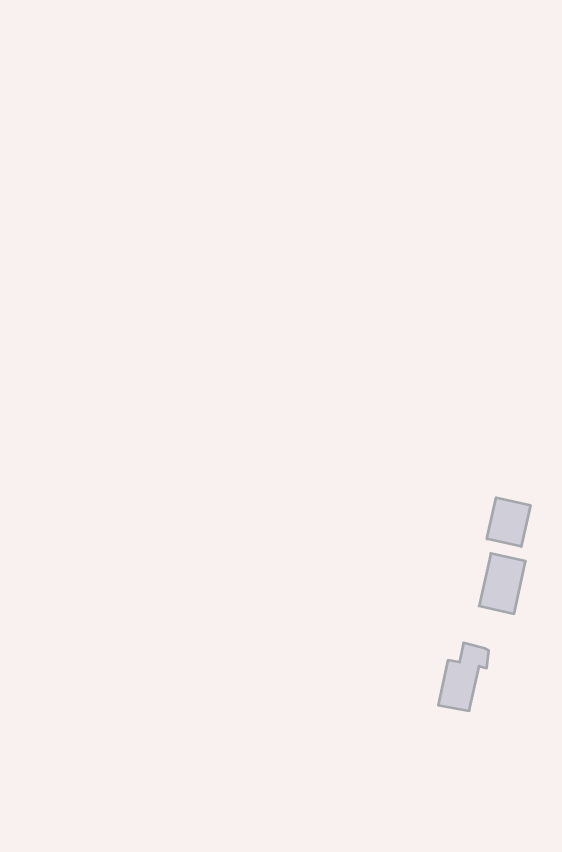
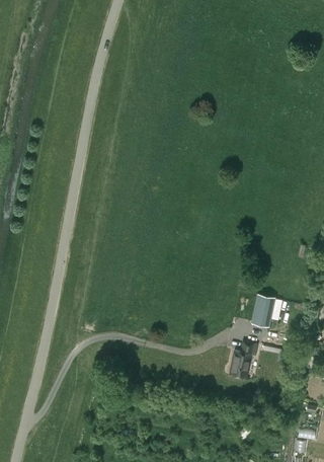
building: [487,498,530,547] -> none

